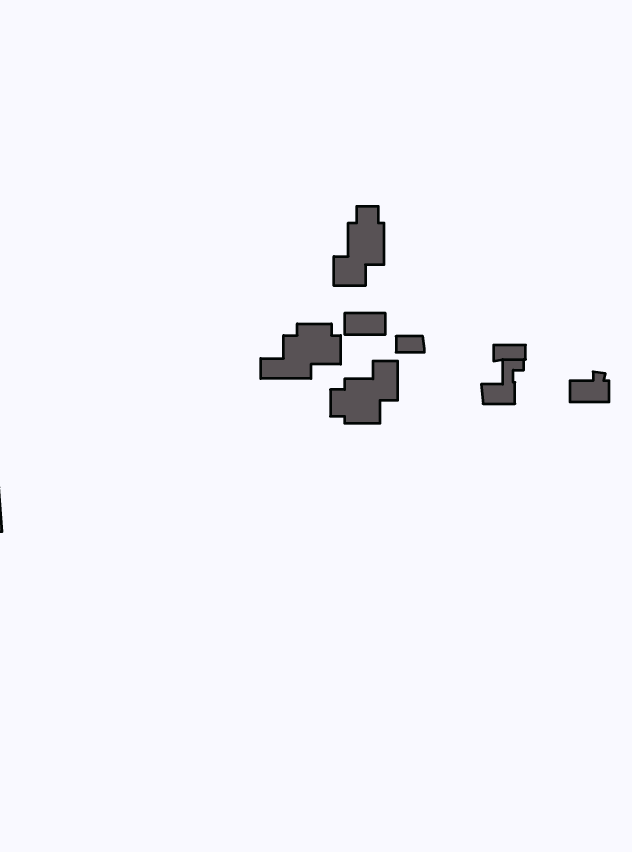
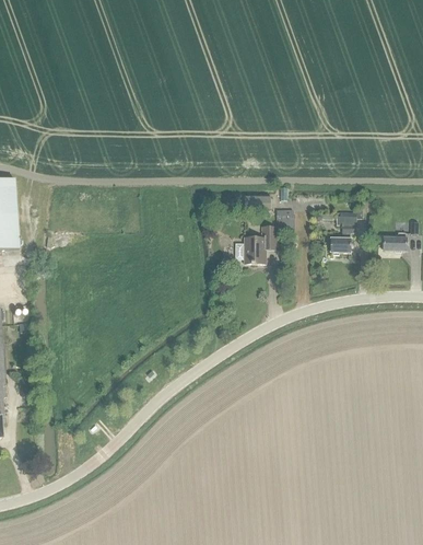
building: [334,206,384,286] -> none
building: [261,324,341,379] -> none

